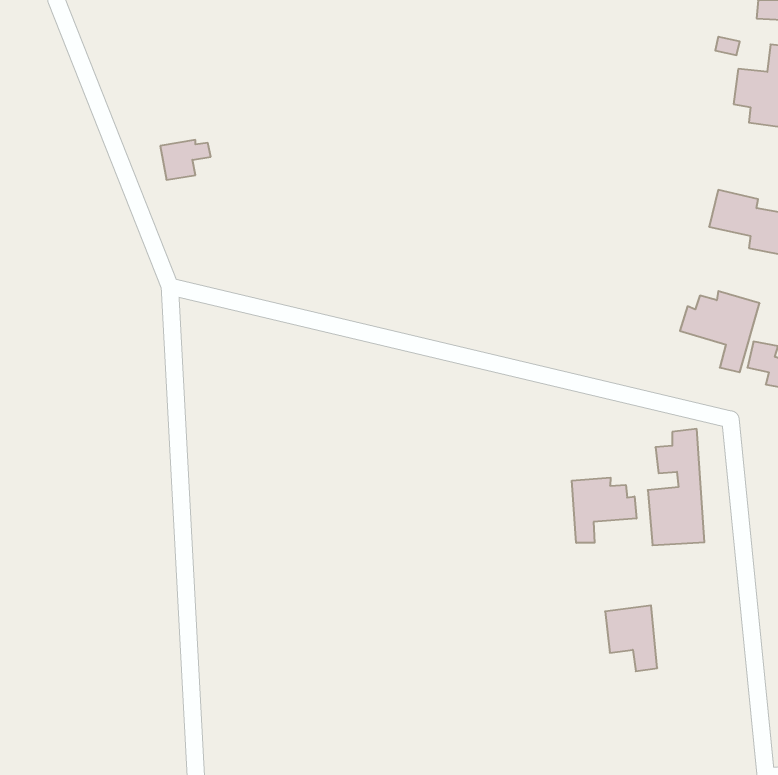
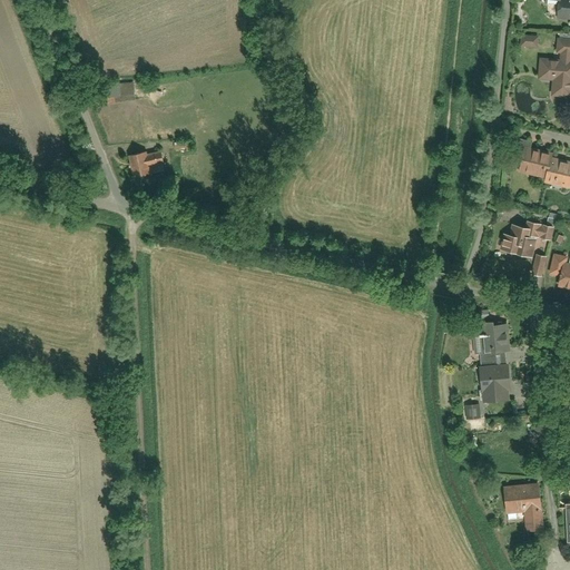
building: [160,140,211,180] -> [130,155,167,184]
building: [572,478,636,543] -> none
building: [605,605,657,671] -> [504,481,542,529]

